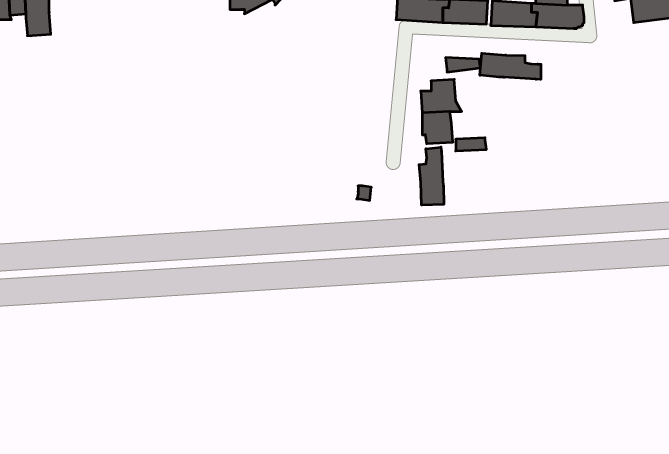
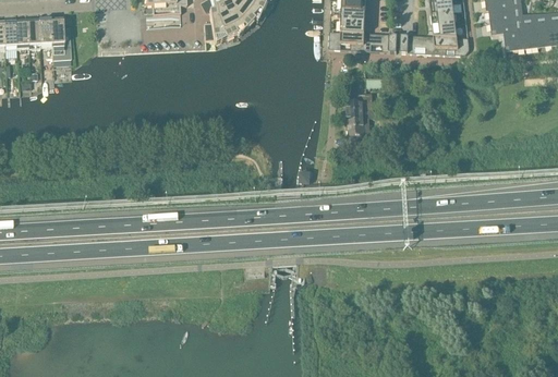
building: [480,53,541,79] -> none
building: [419,147,444,205] -> none

